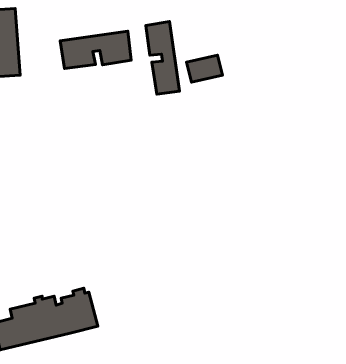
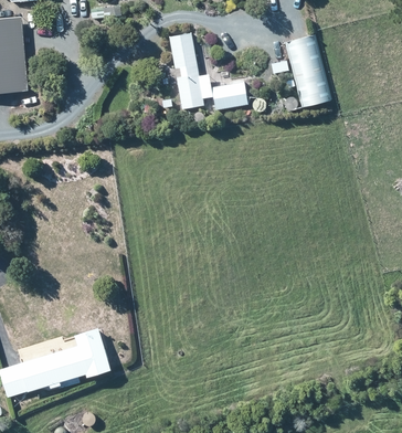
building: none -> [287,38,330,106]
building: [60,31,131,68] -> none

